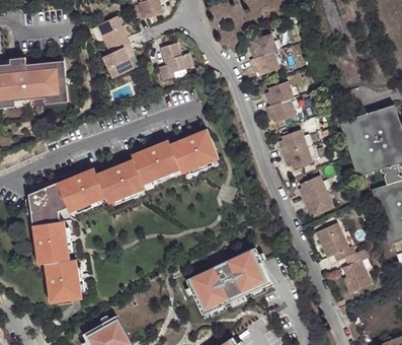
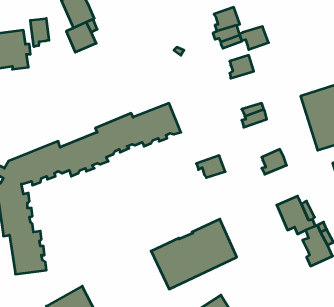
building: [161,42,191,75] -> none
building: none -> [30,18,49,47]
building: [265,97,295,121] -> [240,27,269,50]
building: [282,145,311,167] -> [196,156,225,178]
building: [303,192,332,215] -> none

